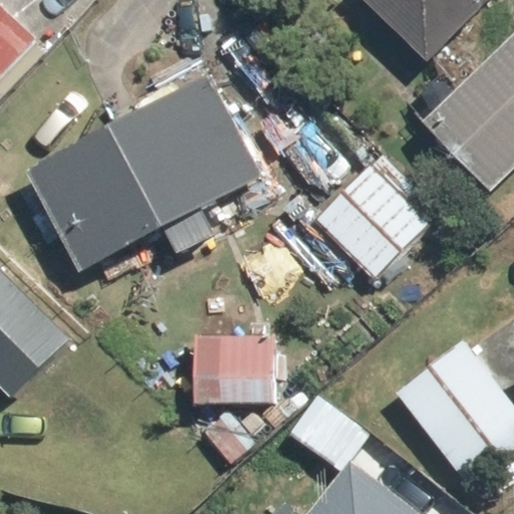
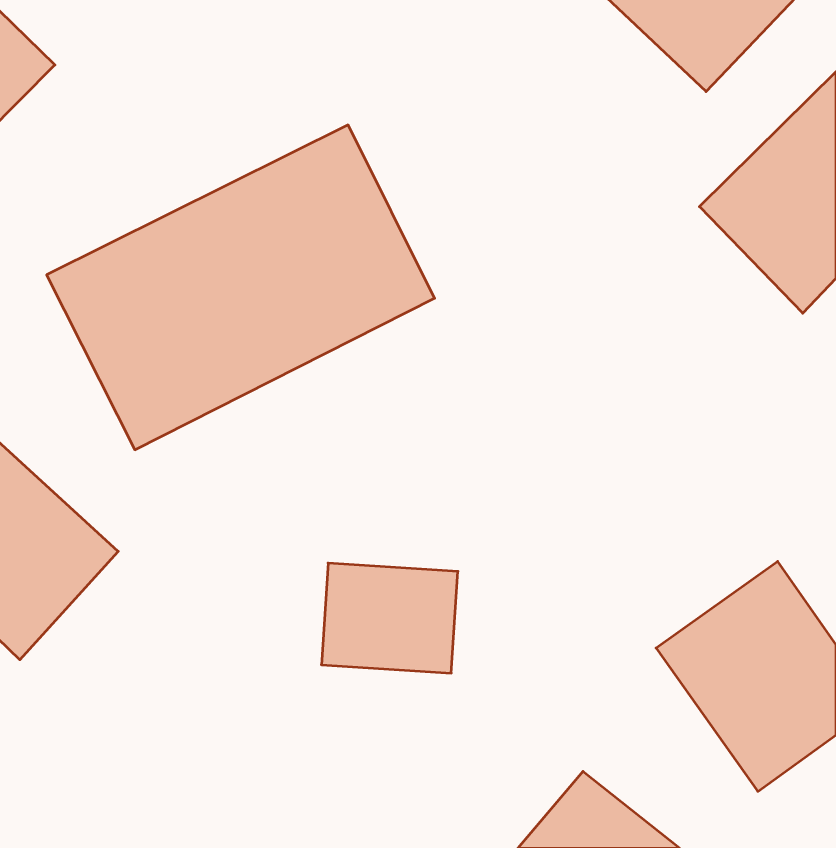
building: [314,159,436,280] -> none

